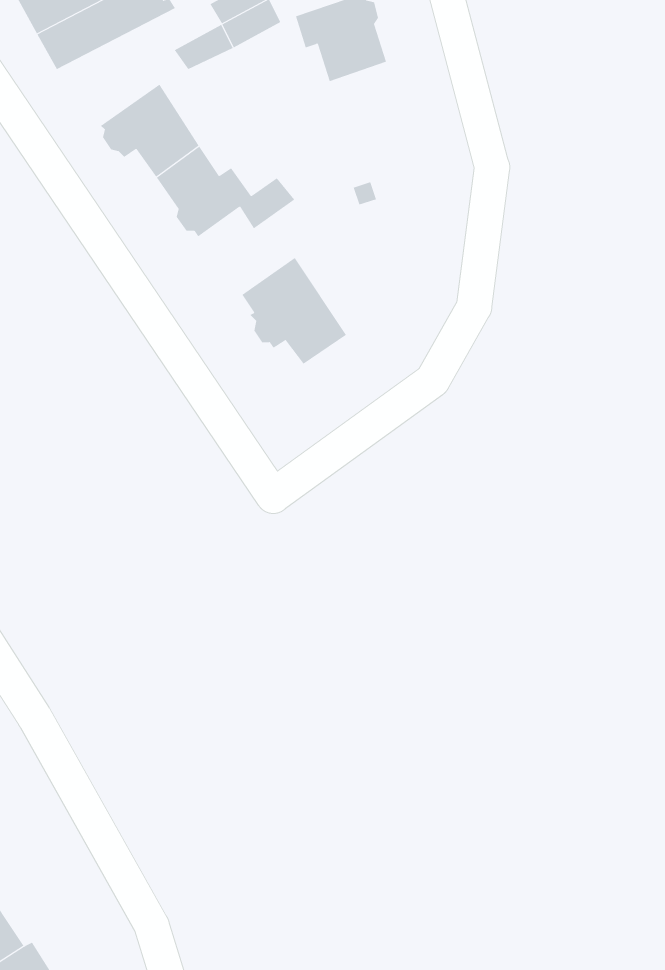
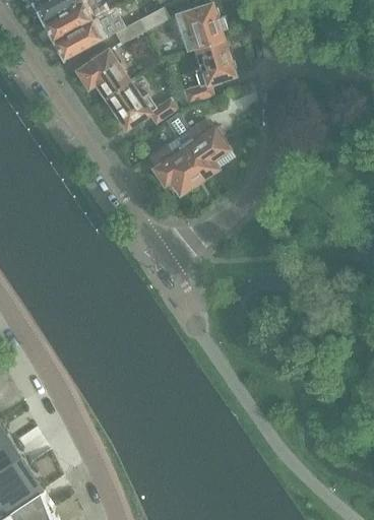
building: none -> [53,11,117,59]
building: none -> [181,39,235,102]
building: none -> [165,112,233,179]

